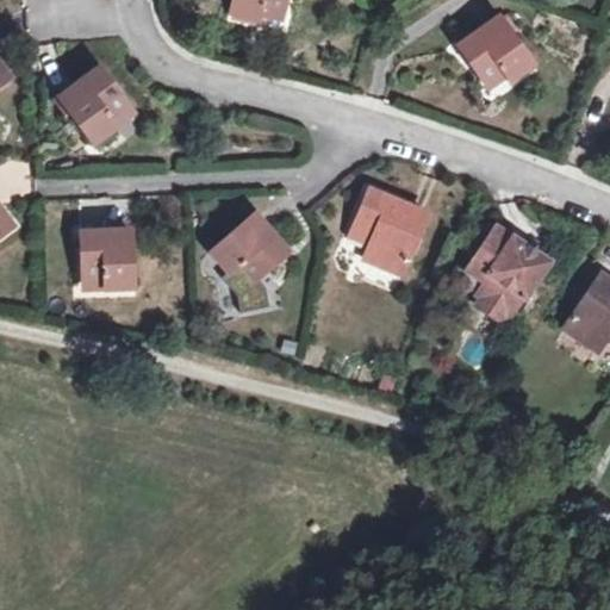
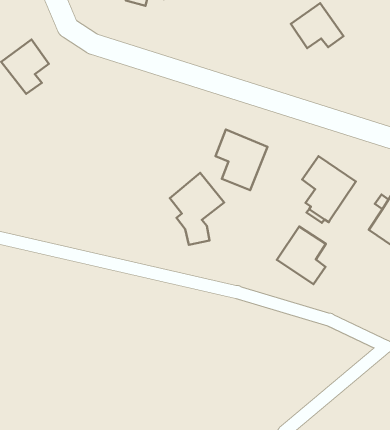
building: [213,214,288,313] -> [170,173,224,245]
building: [80,231,131,284] -> none
building: none -> [277,227,326,284]

